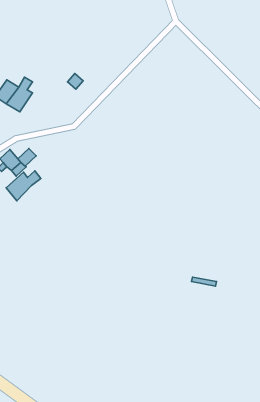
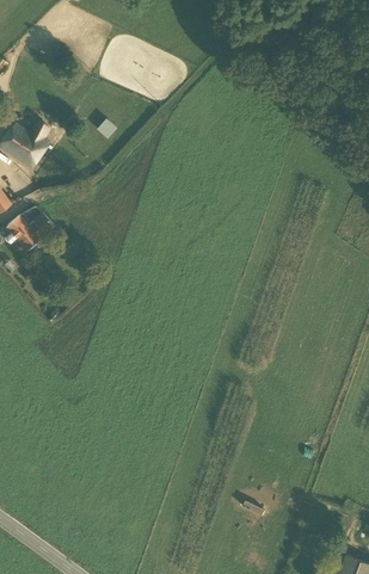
building: [6,171,41,201] -> none

